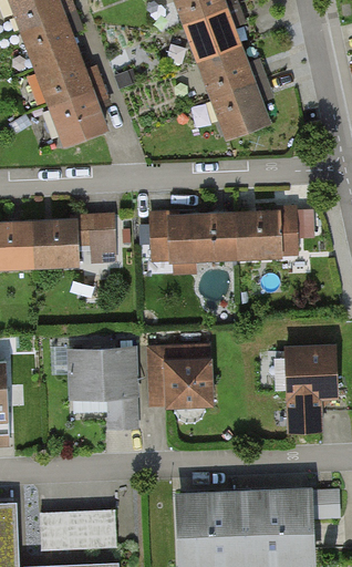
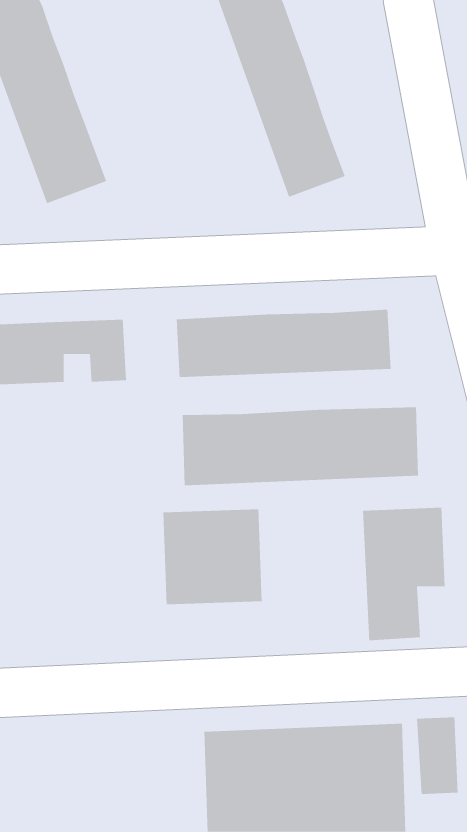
building: none -> [182,407,419,486]
building: [64,349,136,431] -> none
building: [40,511,117,553] -> none

